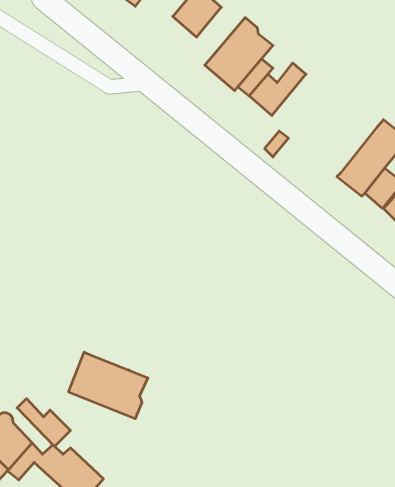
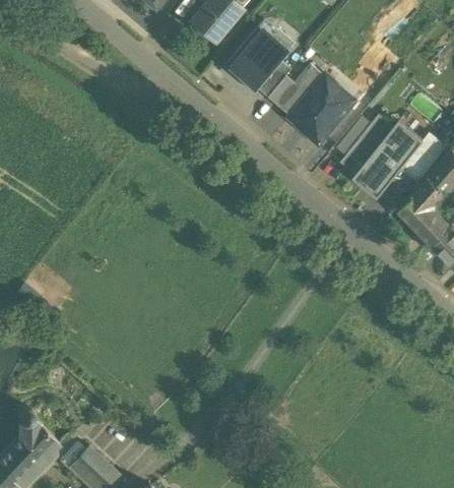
building: none -> [289,75,355,143]
building: none -> [342,116,394,174]
building: [69,352,148,419] -> none
building: [17,399,70,446] -> none

